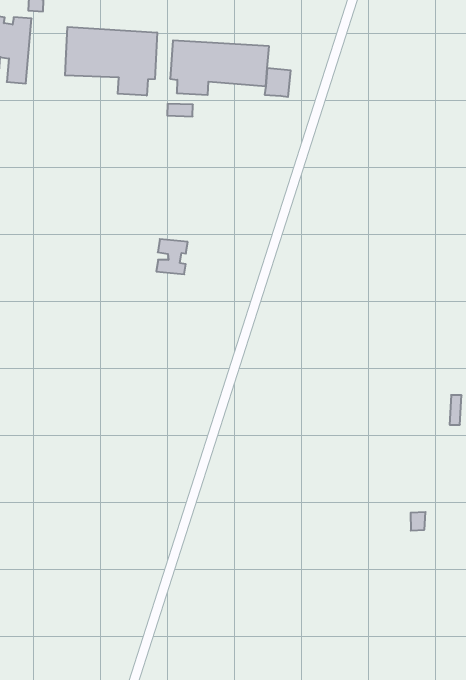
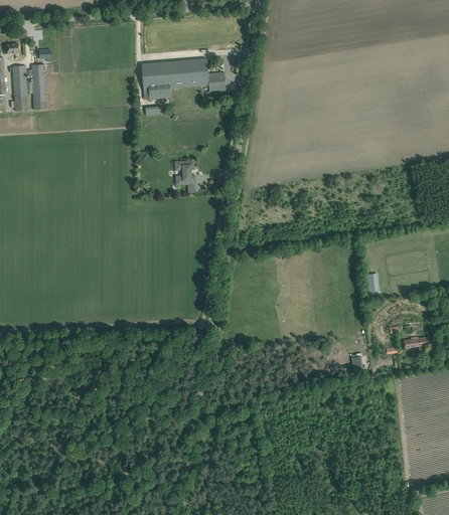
building: [65,27,157,96] -> none
building: [156,239,188,274] -> [175,160,195,183]

